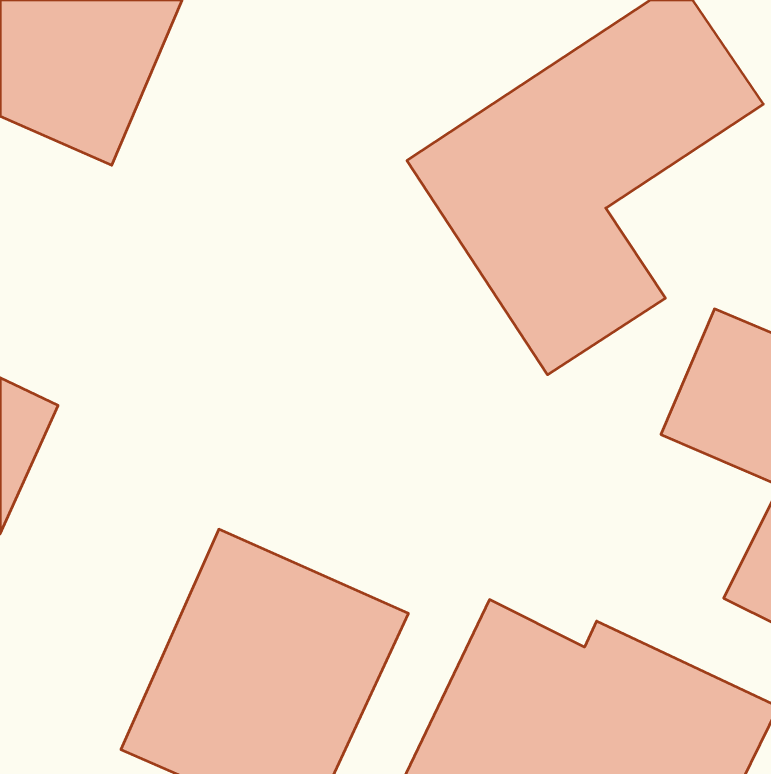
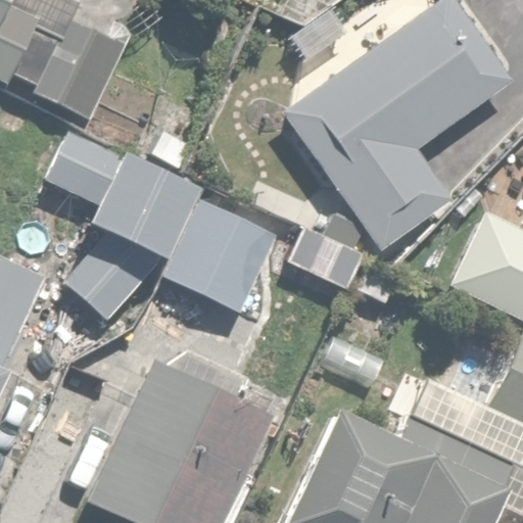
building: none -> [37,122,199,322]
building: none -> [165,199,277,315]

